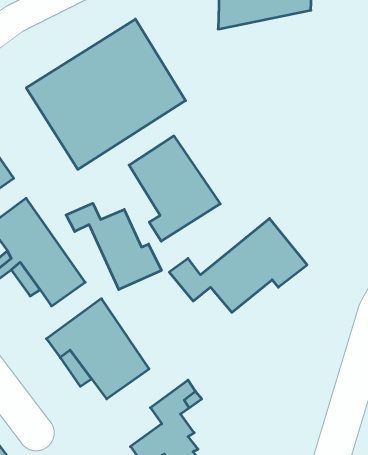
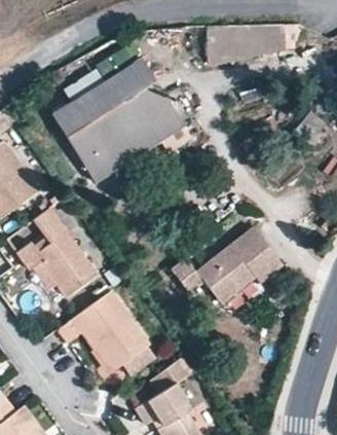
building: [129,136,220,241] -> none
building: [66,203,161,290] -> none

